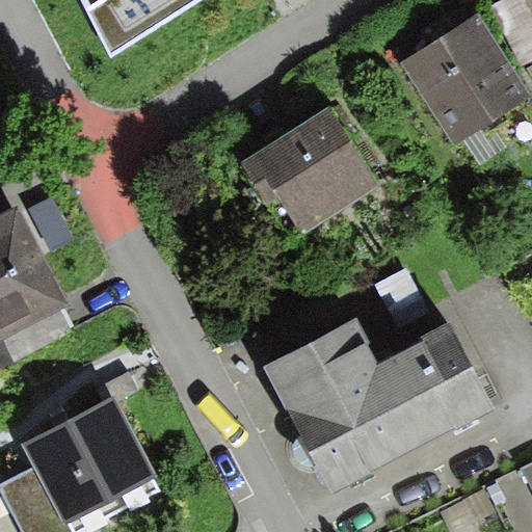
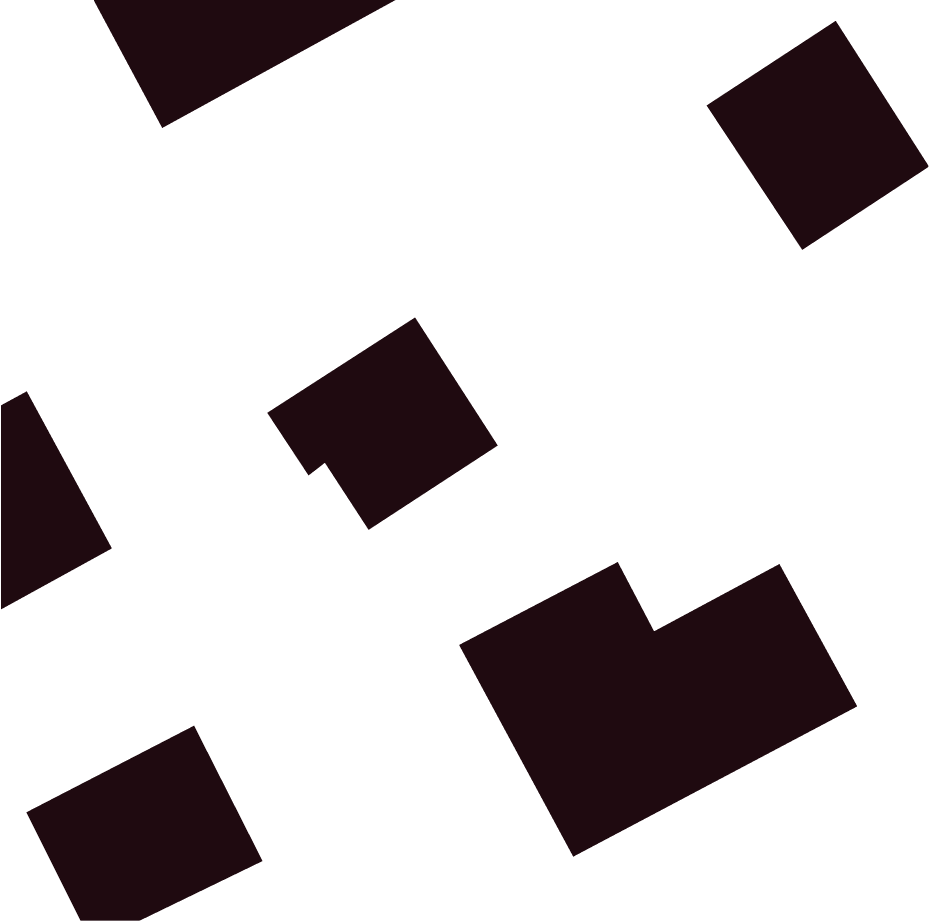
building: [245,106,378,229] -> [266,317,499,531]

